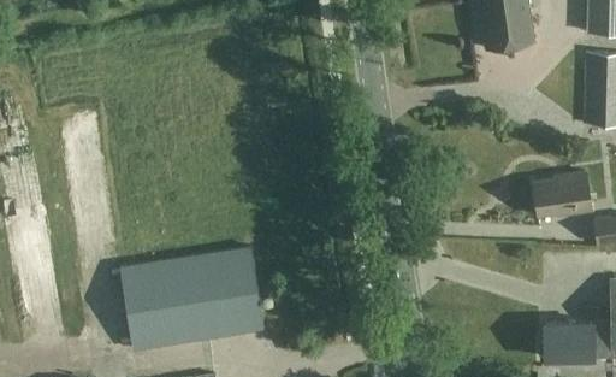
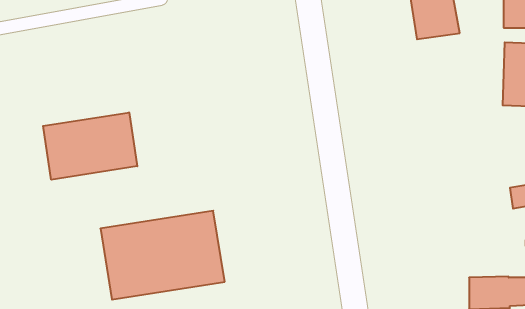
building: none -> [43,112,137,180]
building: [532,172,591,217] -> none

